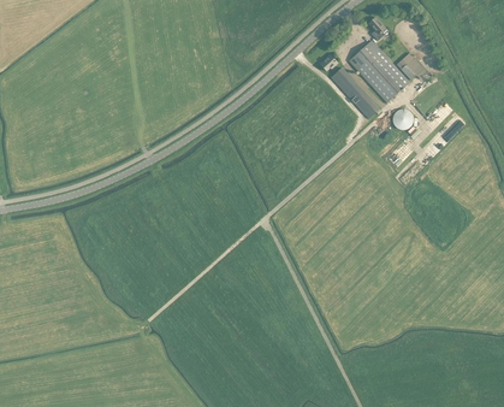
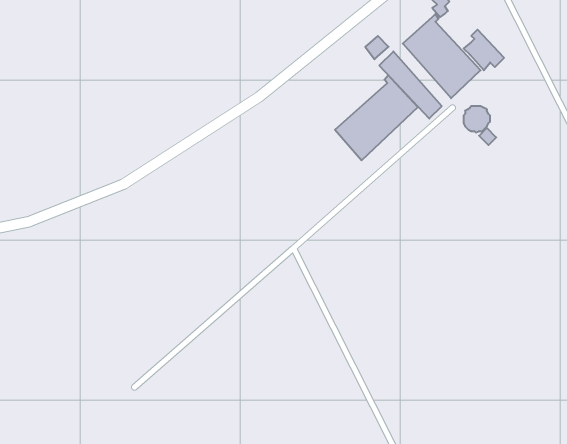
building: none -> [335,75,418,160]

